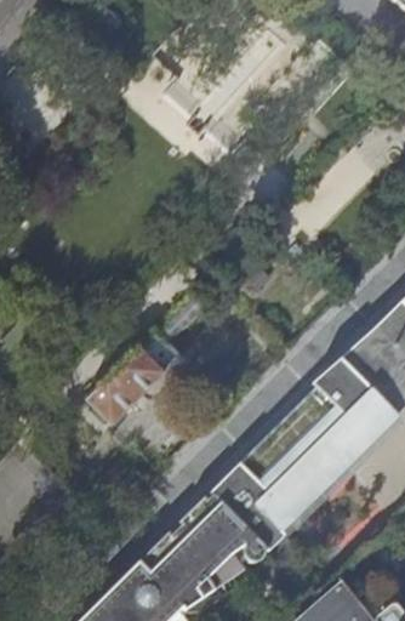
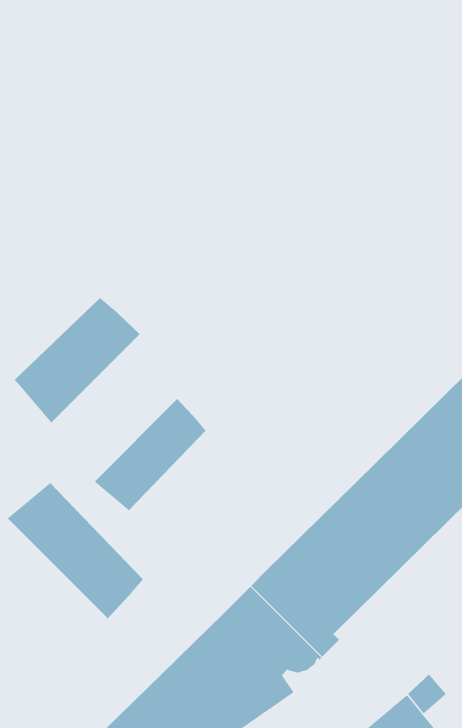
building: none -> [14,297,141,424]
building: none -> [7,482,144,619]

